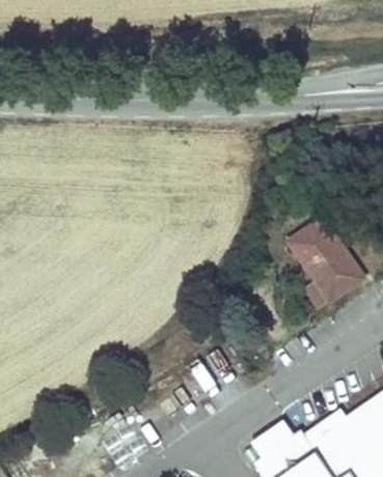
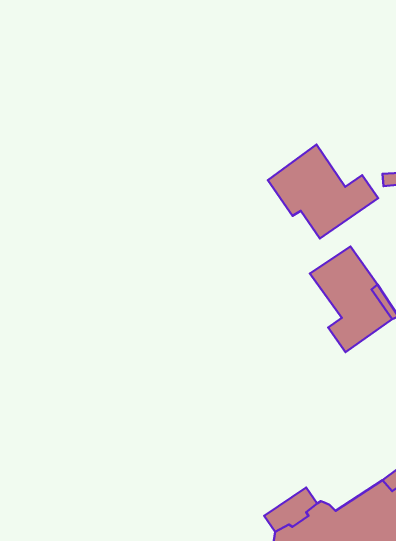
building: none -> [268,145,378,238]

